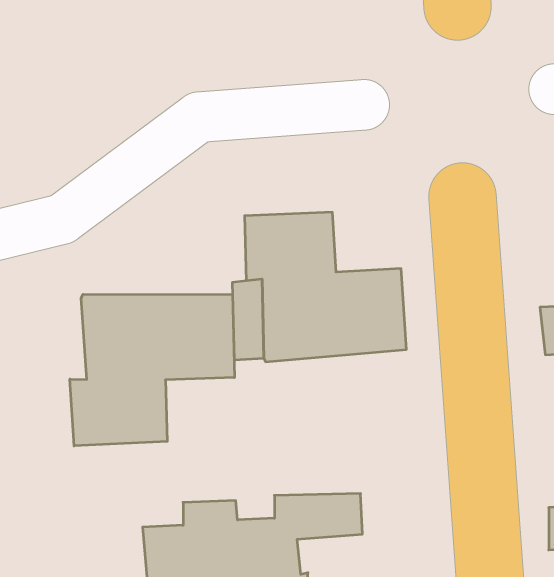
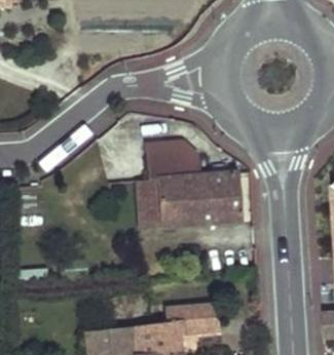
building: [70,294,234,446] -> none

